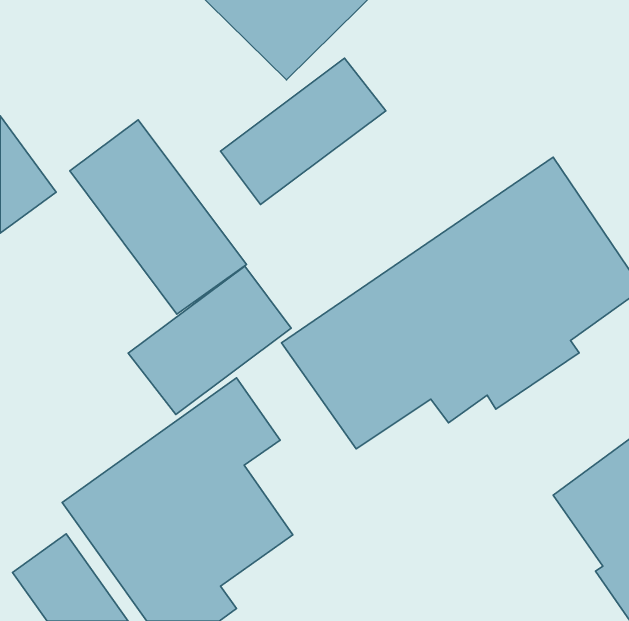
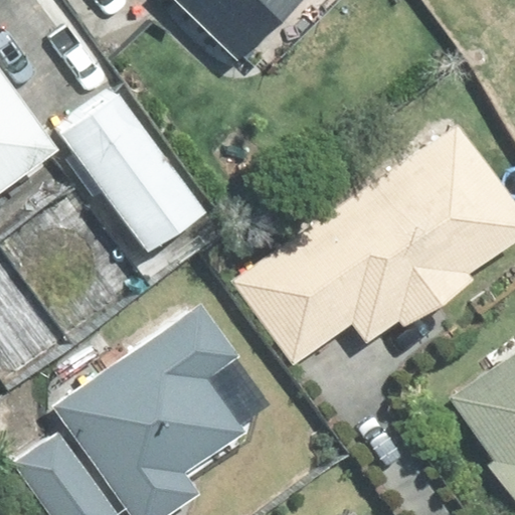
building: [220,58,386,204] -> none
building: [128,266,291,414] -> none

